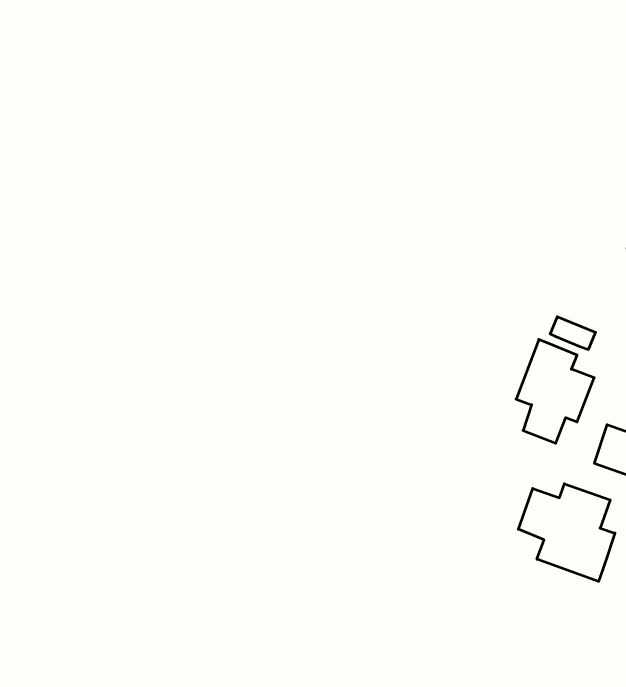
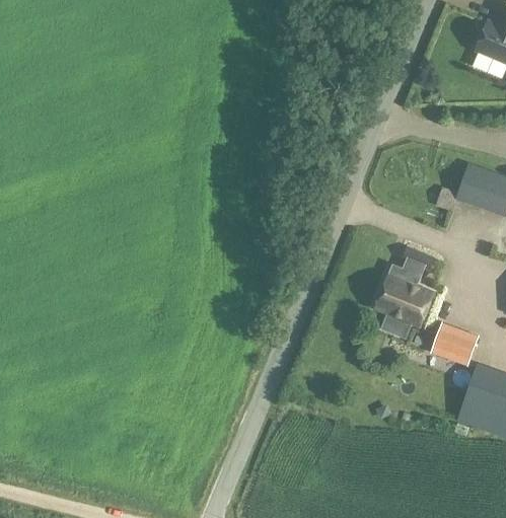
building: [518,484,615,581] -> none

